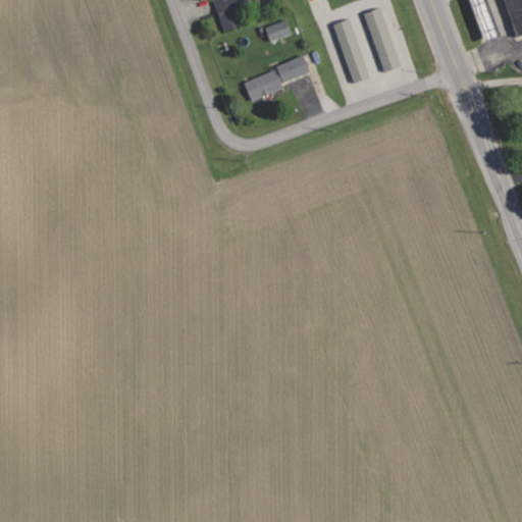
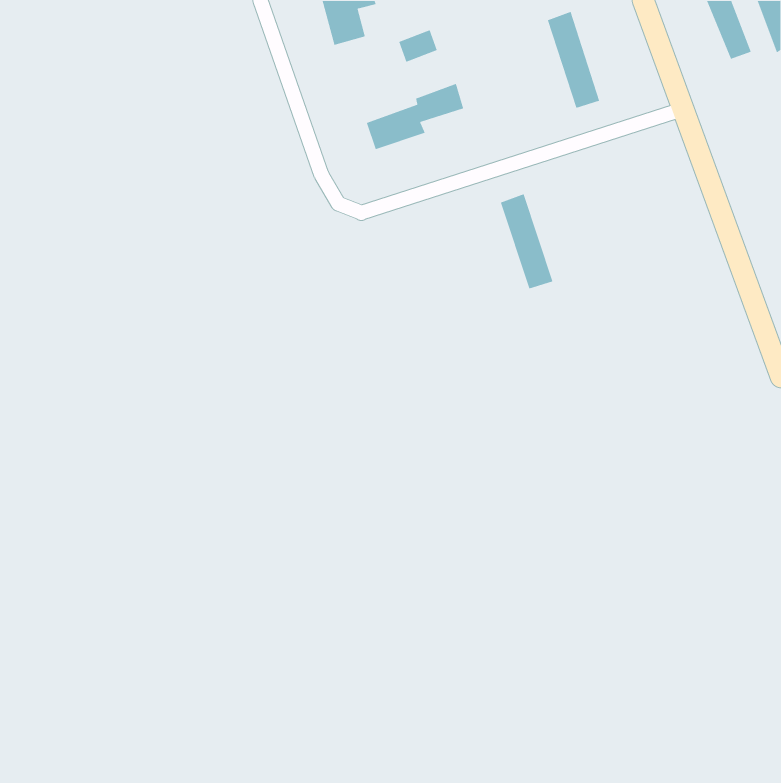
building: [333,18,369,83] -> [500,193,553,290]

